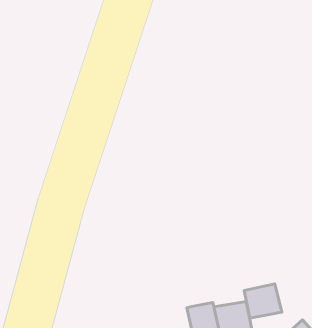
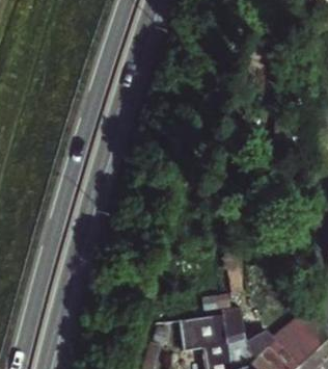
building: [244,284,282,318] -> none

